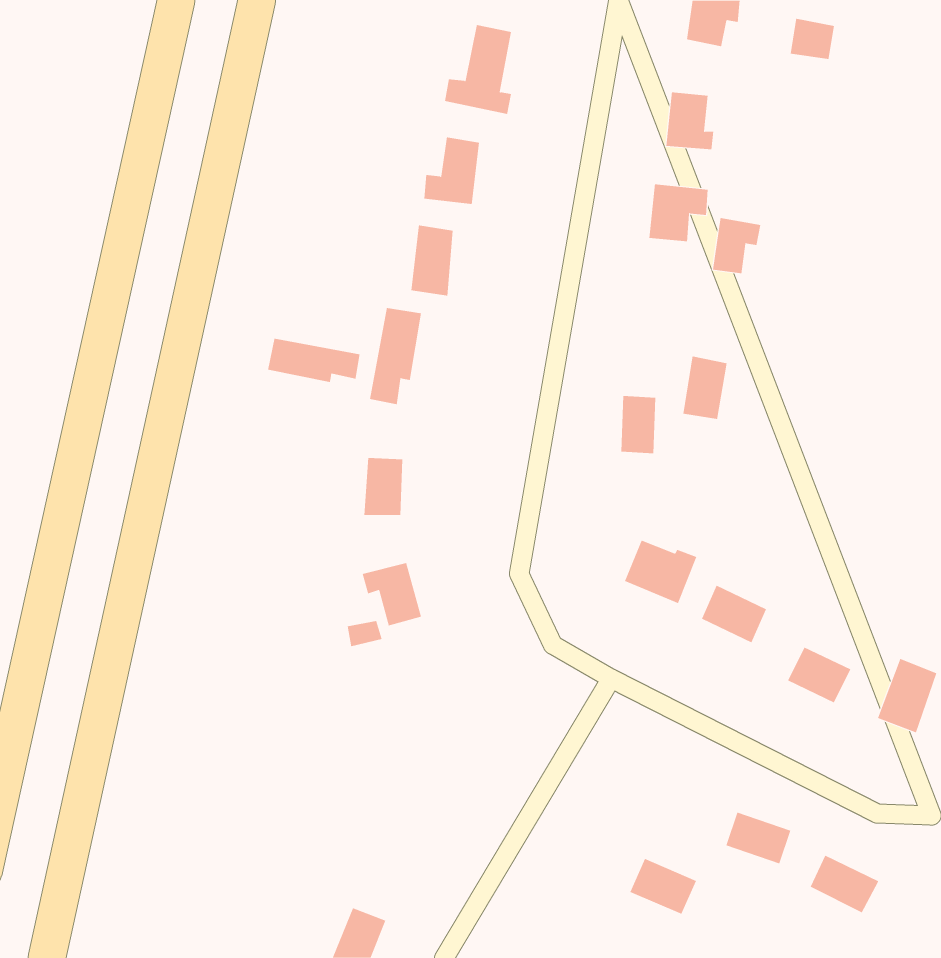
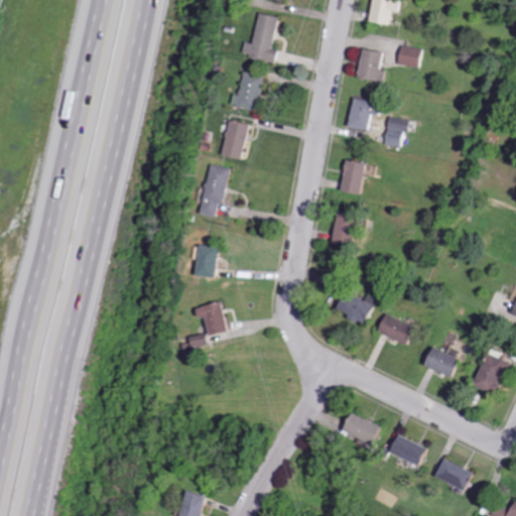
building: [790,18,835,60] -> [396,45,420,68]
building: [268,338,360,383] -> none
building: [682,356,727,419] -> [341,160,365,195]
building: [630,858,697,915] -> [345,414,381,444]

